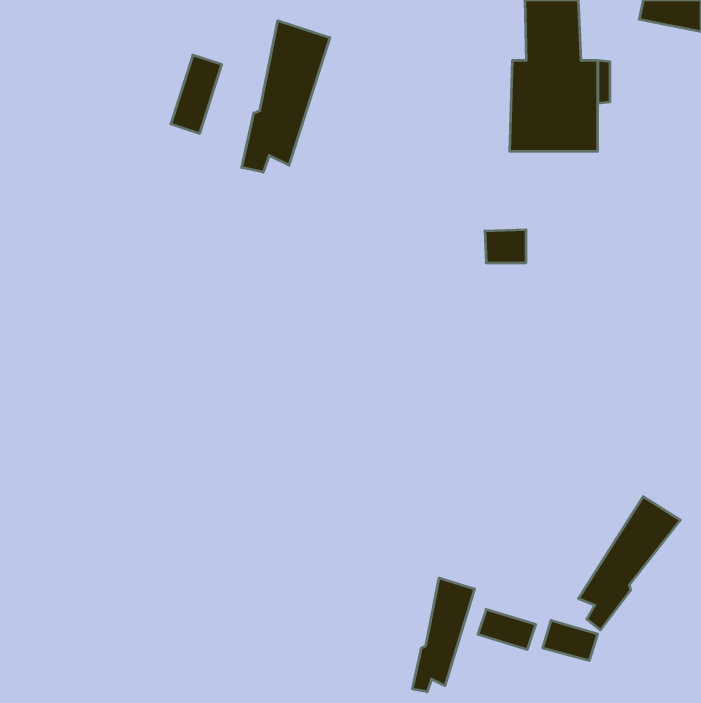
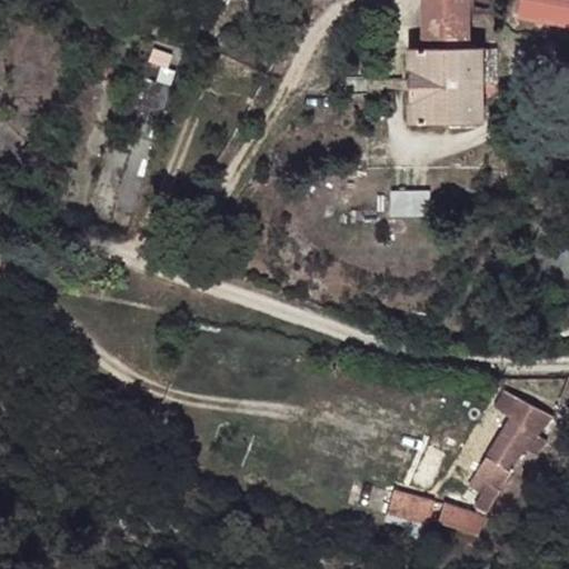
building: [242,21,330,172] -> none
building: [413,578,474,692] -> none

